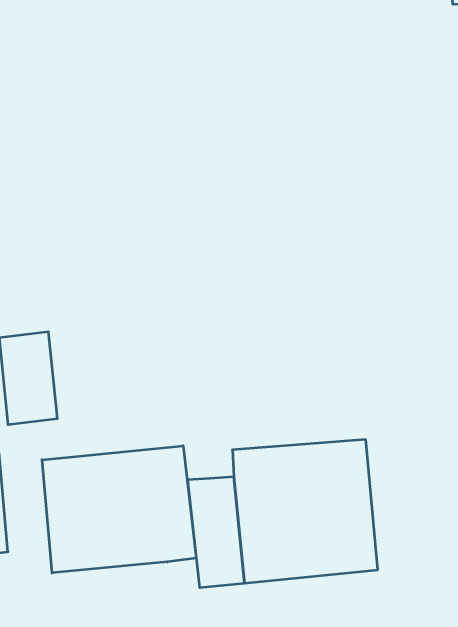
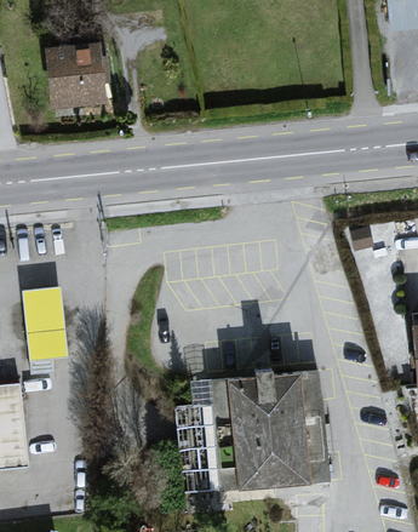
building: none -> [44,41,107,109]
building: [42,446,196,573] -> none

